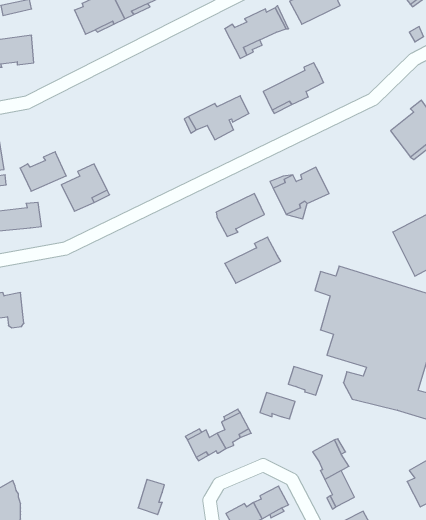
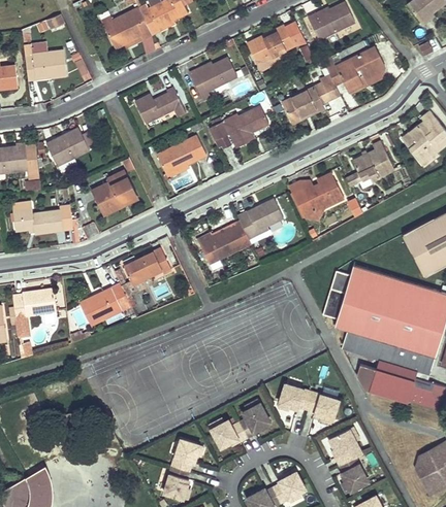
building: none -> [327,46,385,91]
building: none -> [190,57,236,95]
building: none -> [133,87,182,123]
building: none -> [156,135,206,177]
building: none -> [352,141,394,181]
building: [20,152,66,191] -> [45,128,89,165]
building: [225,237,281,283] -> [198,221,251,264]
building: none -> [123,251,171,284]
building: none -> [78,282,130,325]
building: [288,367,322,395] -> [307,393,339,419]
building: none -> [172,439,199,471]

